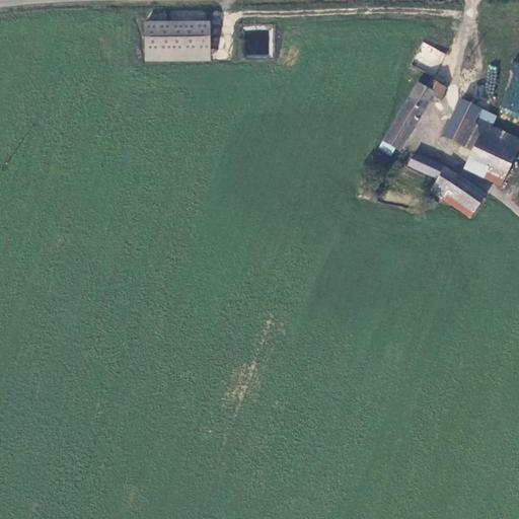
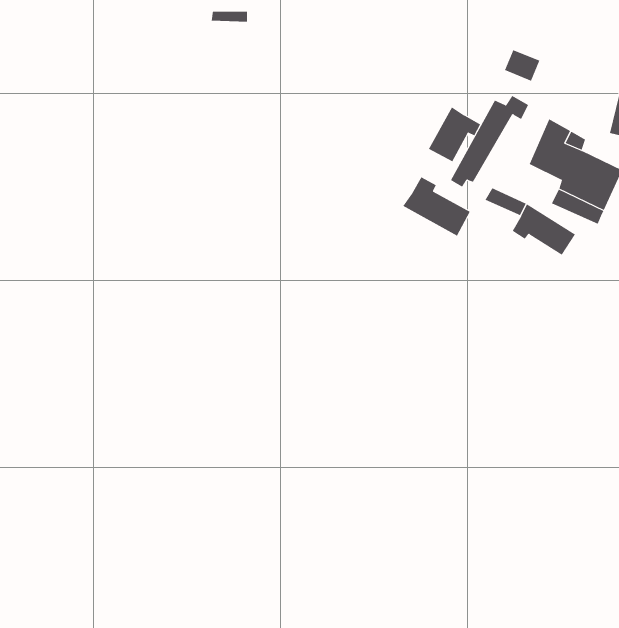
building: [146,22,211,53] -> none
building: none -> [428,106,481,162]
building: none -> [403,177,471,237]

